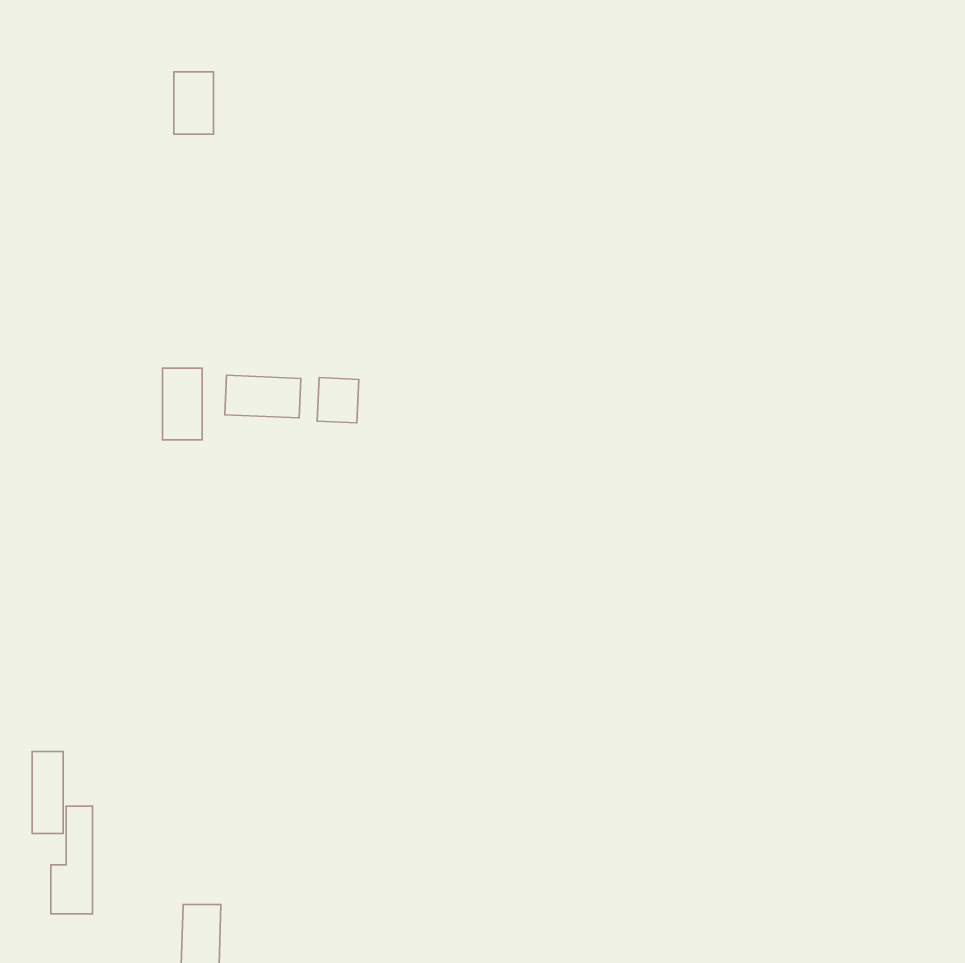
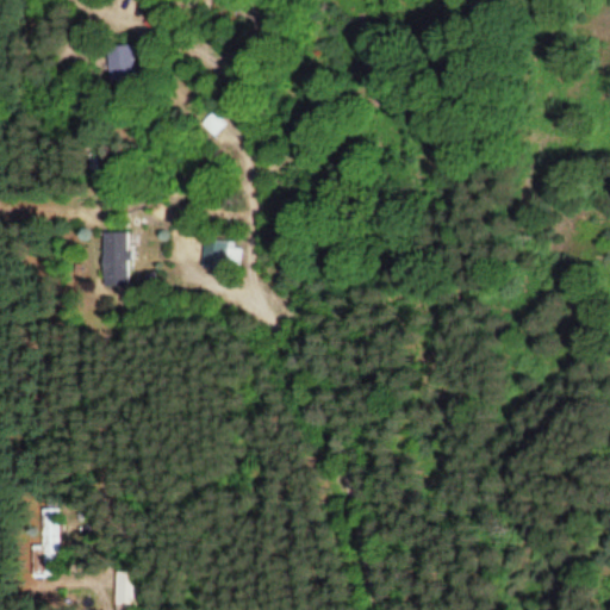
building: [225,375,301,418] -> none
building: [32,751,63,833] -> none

